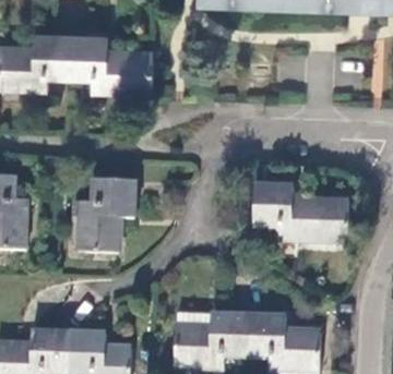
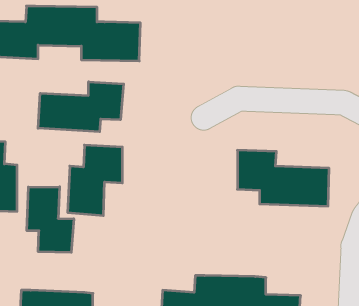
building: none -> [38,82,124,132]
building: none -> [27,187,74,252]

